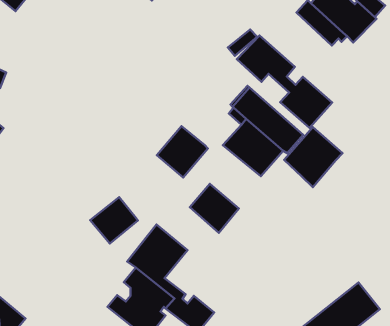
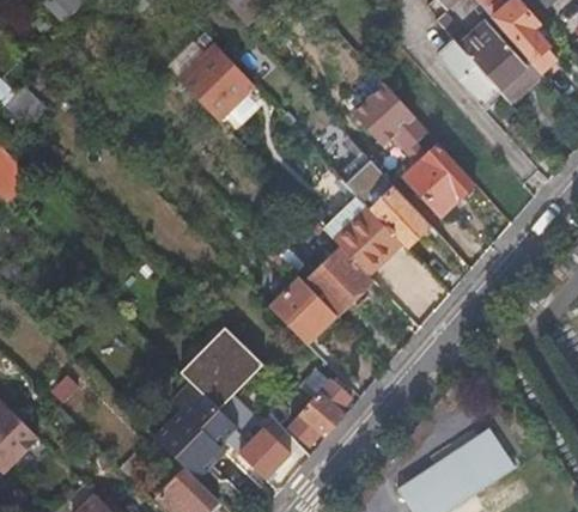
building: none -> [178,43,255,120]
building: [157,126,208,178] -> [304,245,373,315]
building: [284,127,342,187] -> none
building: [90,197,138,243] -> none
building: none -> [288,378,351,443]

